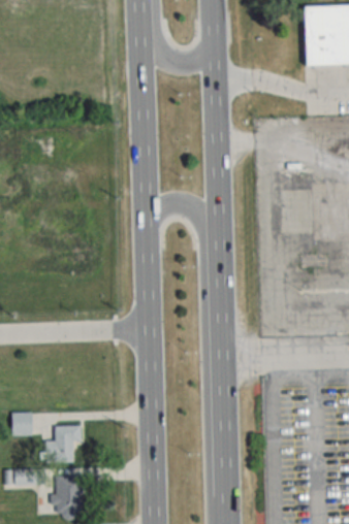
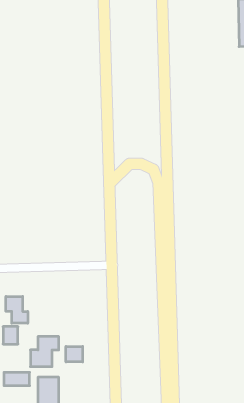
building: none -> [6,296,28,323]
building: none -> [66,346,83,362]

